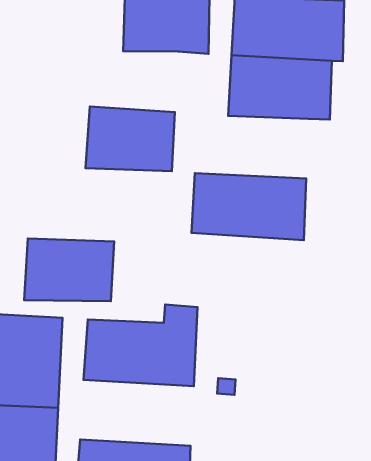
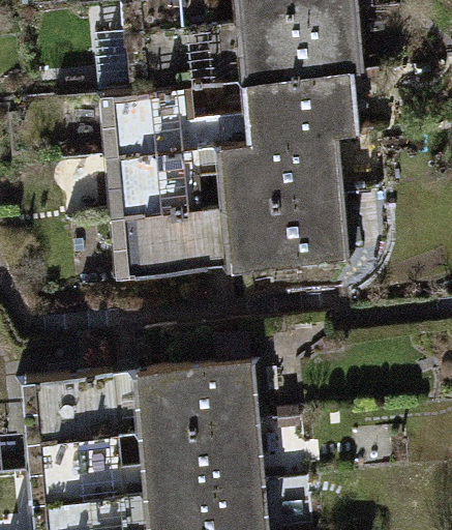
building: none -> [104,88,198,156]
building: none -> [221,138,340,209]
building: [24,239,114,301] -> [115,210,208,283]
building: none -> [143,425,261,496]

